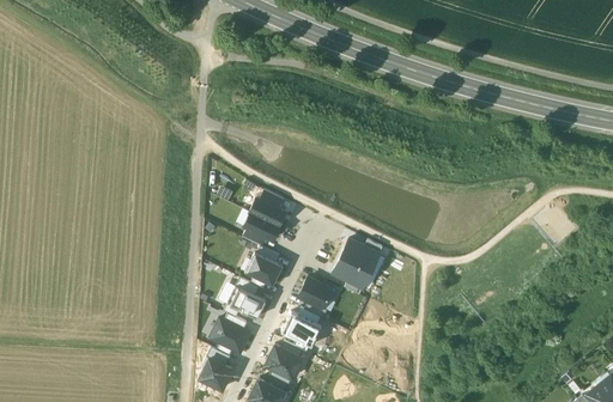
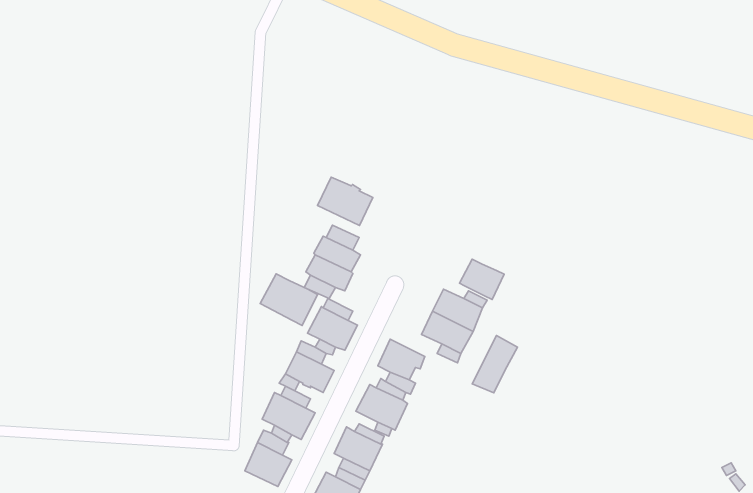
building: none -> [318,177,373,226]
building: none -> [460,259,504,299]
building: none -> [260,274,318,325]
building: none -> [472,336,517,393]

